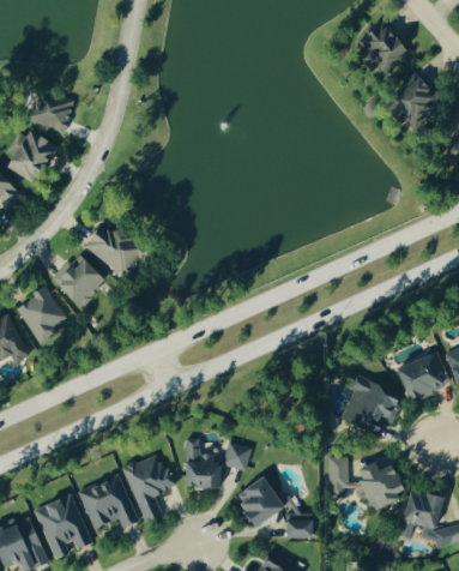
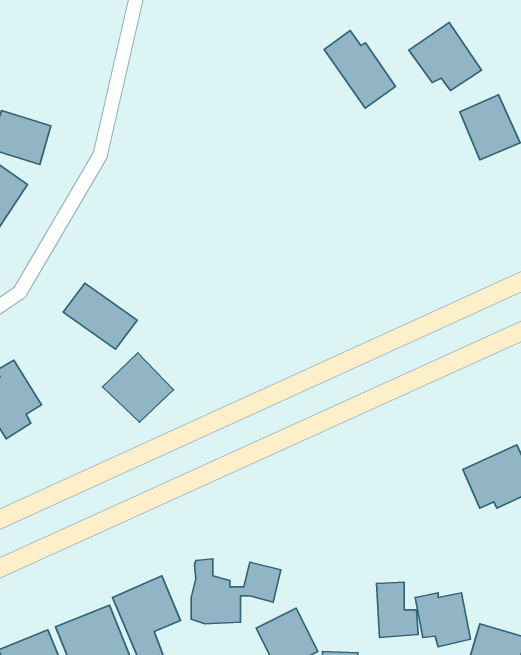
building: none -> [324,30,396,108]
building: [52,254,107,308] -> [102,353,173,422]
building: [328,380,401,437] -> none

